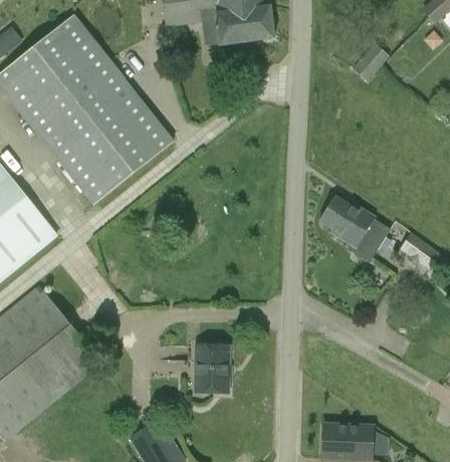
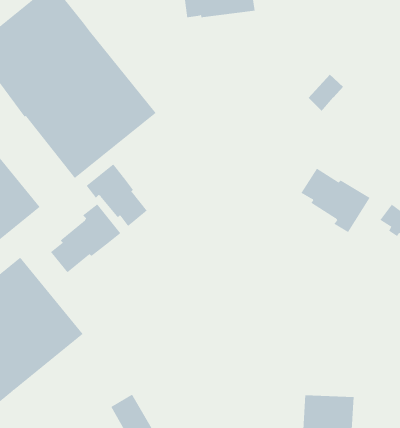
building: [353,43,389,81] -> [308,74,344,112]
building: none -> [86,163,148,227]
building: none -> [50,204,121,273]
building: [196,345,228,392] -> none

